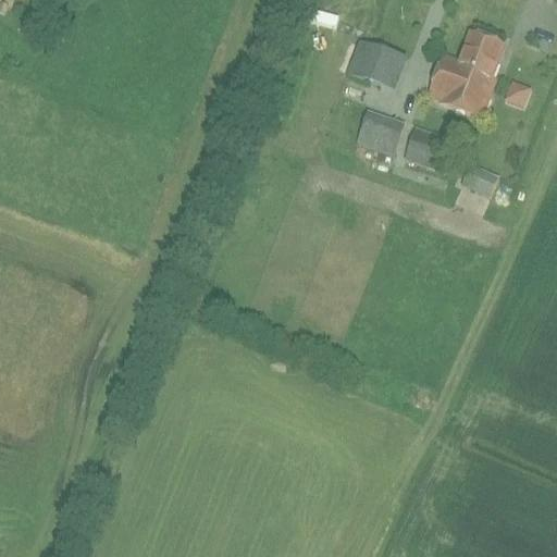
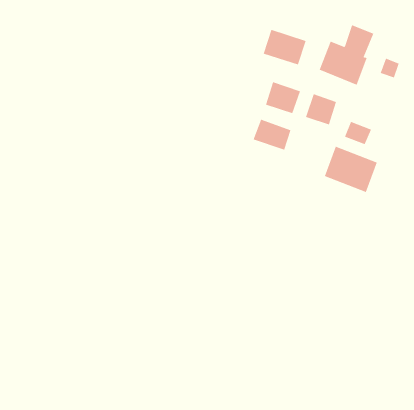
building: none -> [253,119,291,151]
building: none -> [324,146,378,193]

